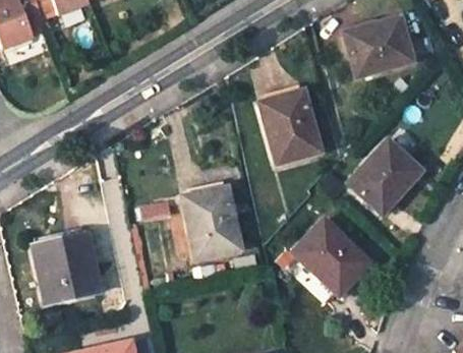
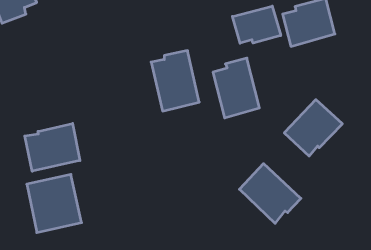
building: none -> [232,6,281,43]
building: none -> [25,123,80,171]
building: [183,186,242,260] -> [151,51,199,111]

